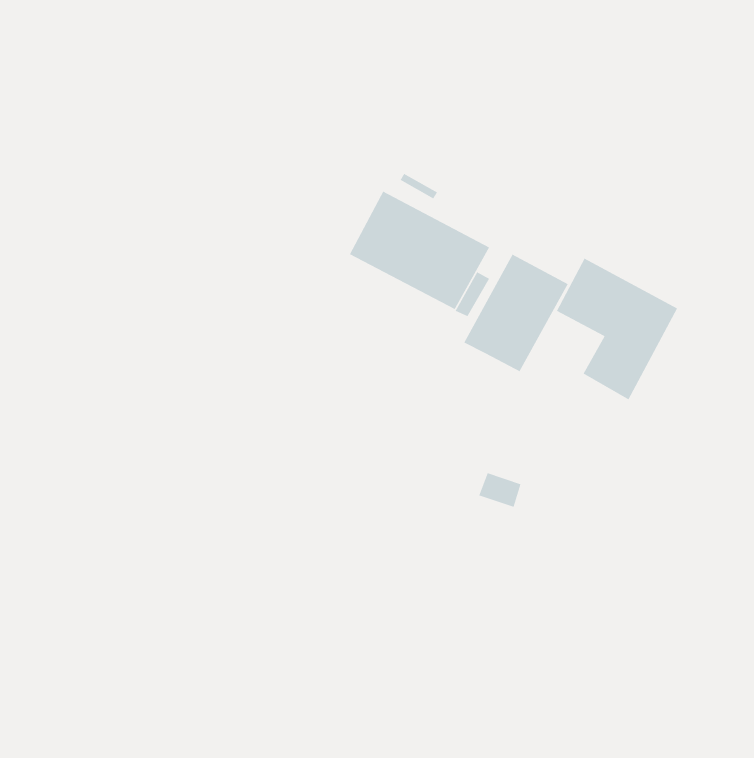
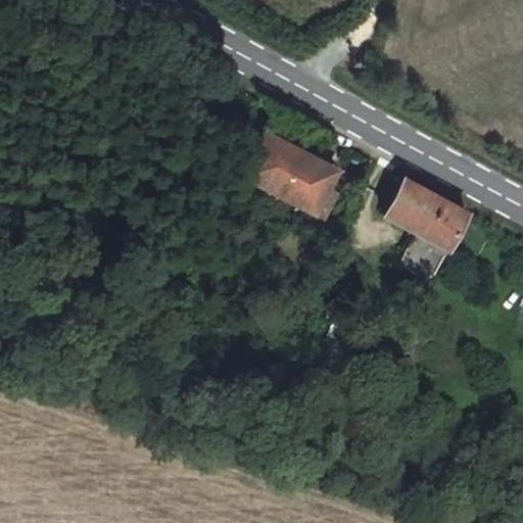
building: [463,253,569,373] -> none

